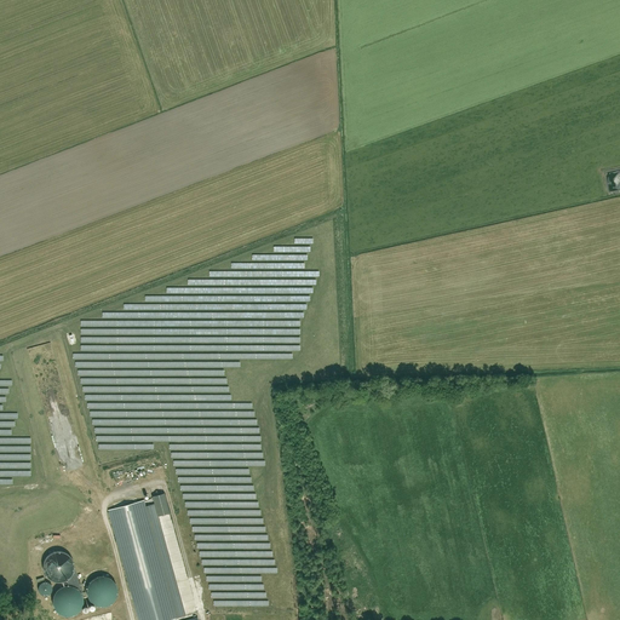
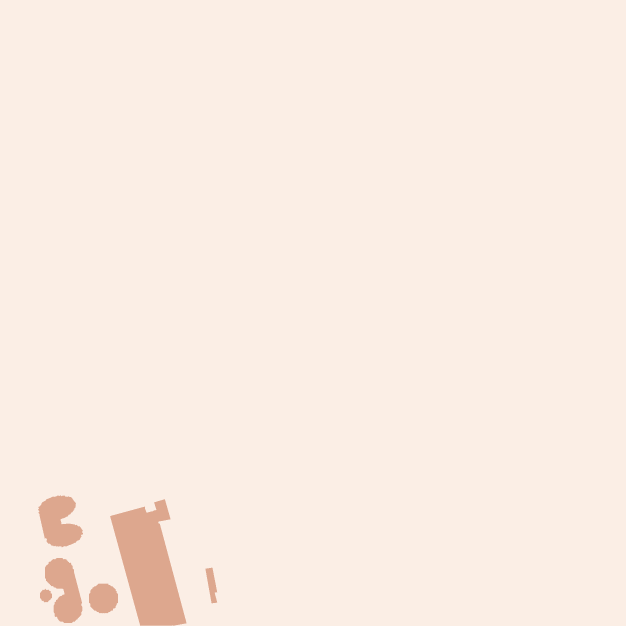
building: none -> [37,495,84,548]

